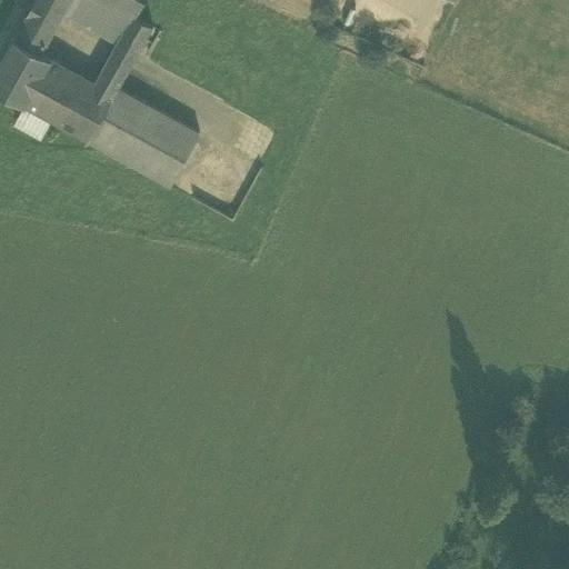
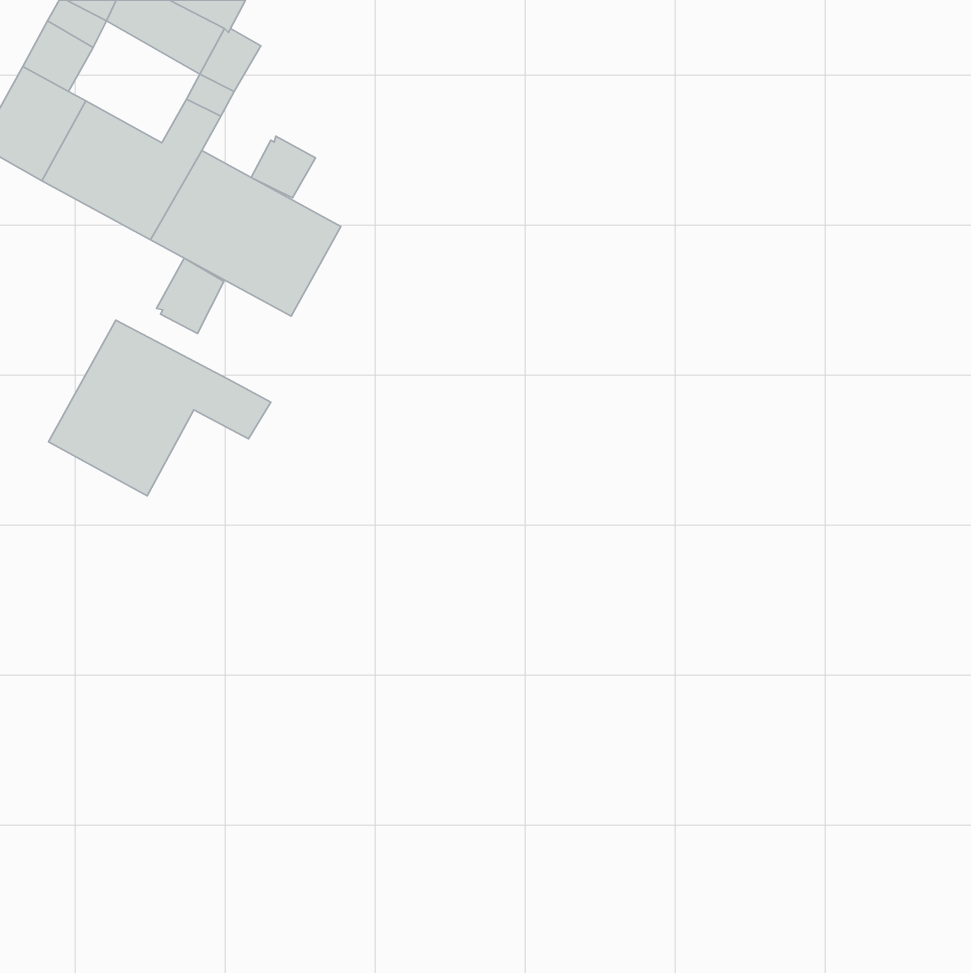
building: none -> [251,136,315,198]
building: none -> [157,258,224,334]
building: none -> [49,320,271,496]

